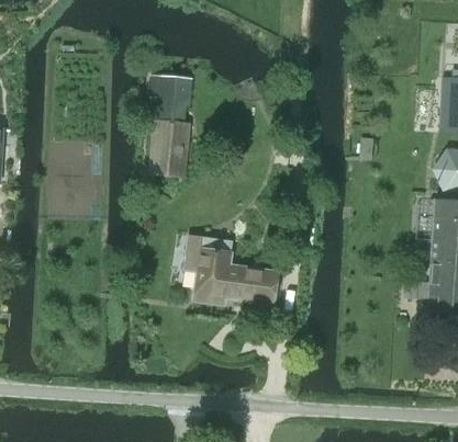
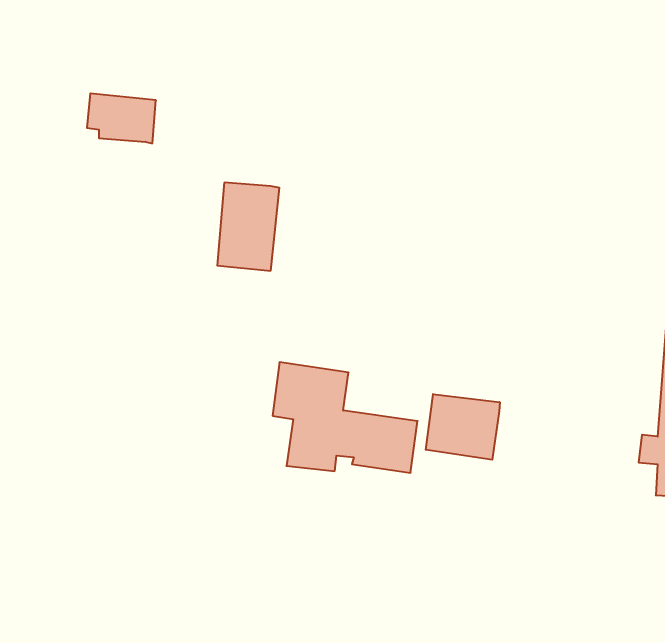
building: [147,75,191,106] -> [87,93,156,143]
building: none -> [426,394,500,460]

